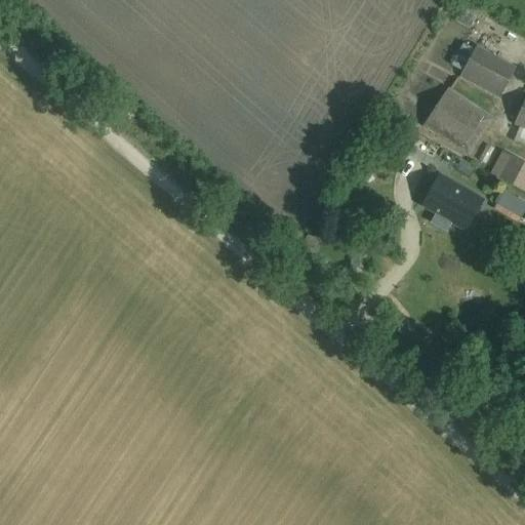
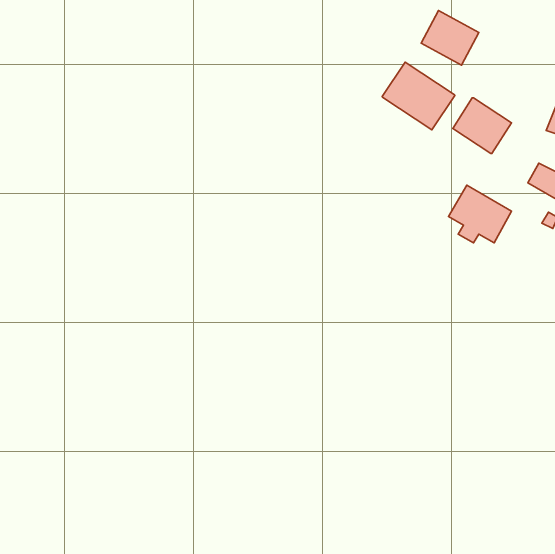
building: [461,45,516,96] -> [421,11,479,65]
building: none -> [382,62,455,130]

